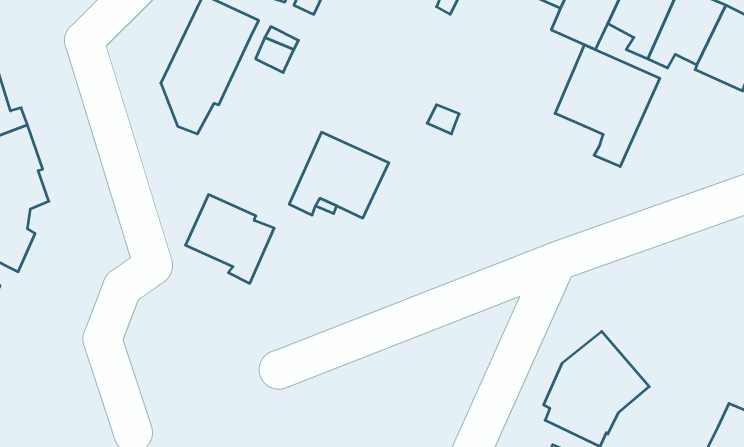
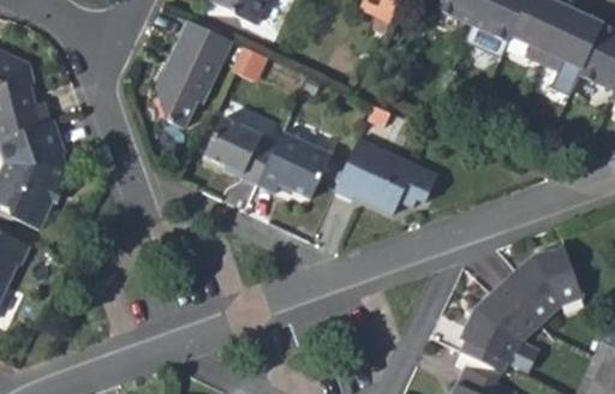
building: [555,45,660,167] -> none
building: none -> [334,137,436,208]
building: [185,195,274,283] -> [207,113,276,183]
building: none -> [502,244,587,326]

